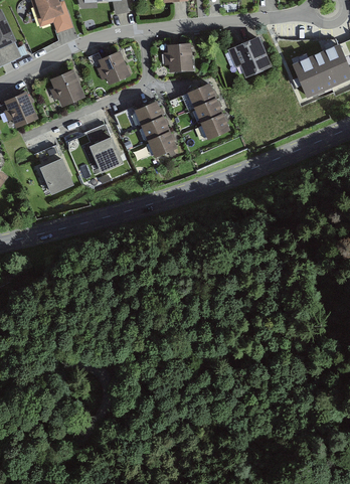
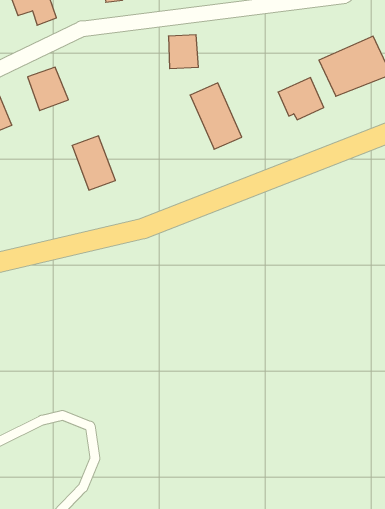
building: [229,36,268,71] -> [278,78,324,120]
building: [98,50,129,84] -> none
building: [133,101,175,157] -> none
building: [36,147,72,193] -> none

